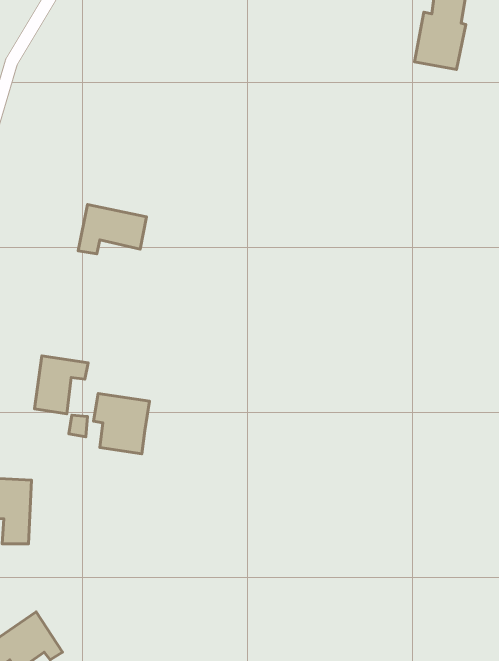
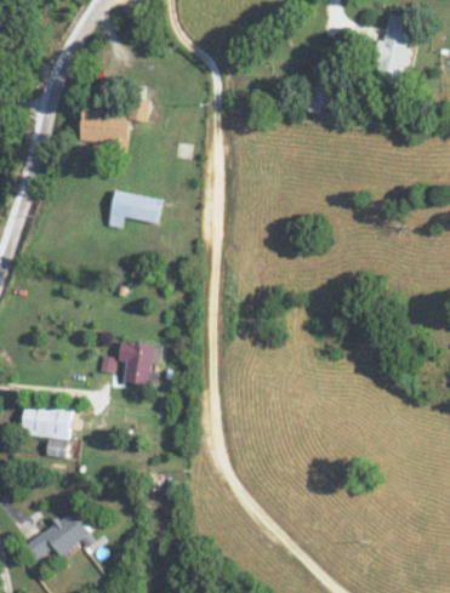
building: none -> [79,110,127,147]
building: [34,356,88,414] -> none

